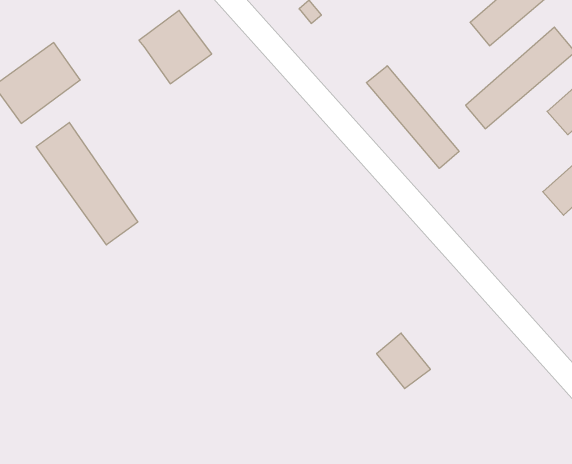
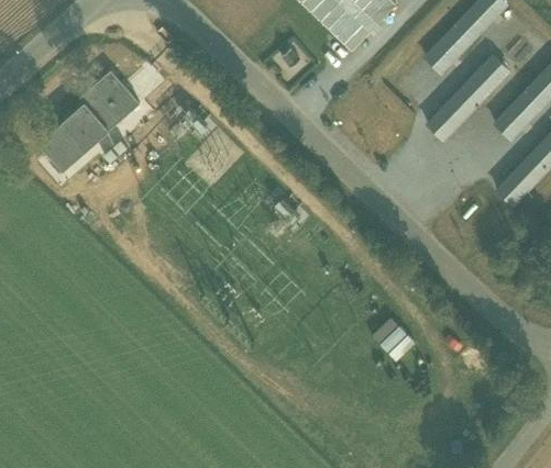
building: [139,10,212,84] -> [80,70,141,131]
building: [366,66,459,168] -> none
building: [36,122,138,245] -> none

